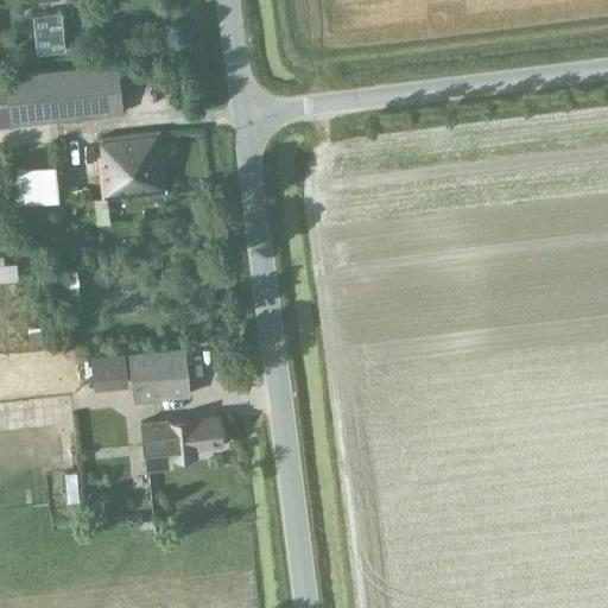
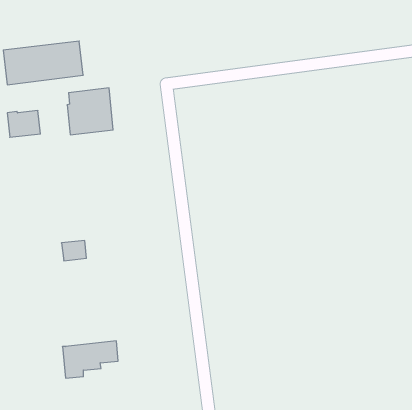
building: [33,19,63,58] -> none
building: [129,347,191,403] -> none
building: [141,417,223,471] -> [62,341,118,378]

